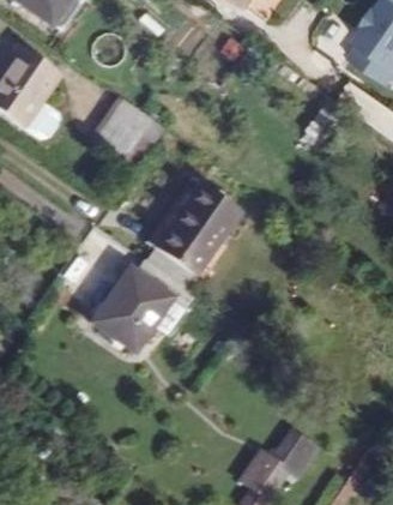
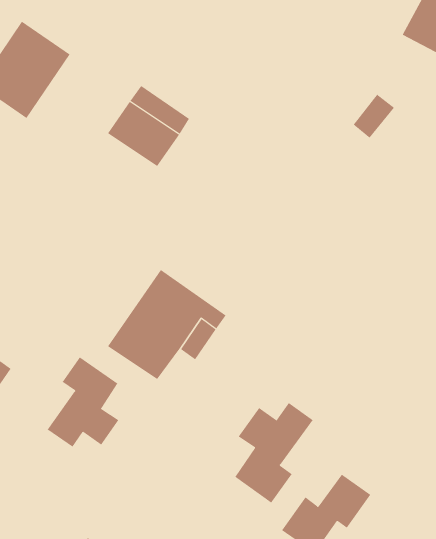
building: [153,180,242,275] -> none
building: none -> [47,357,119,448]
building: none -> [234,402,314,504]

